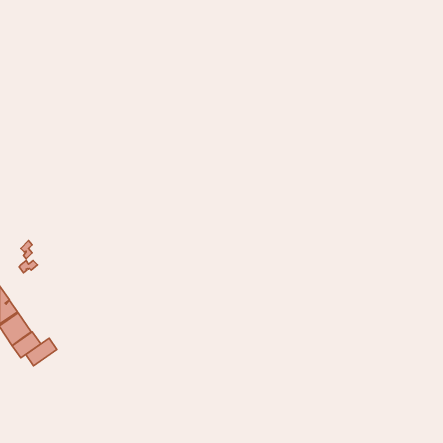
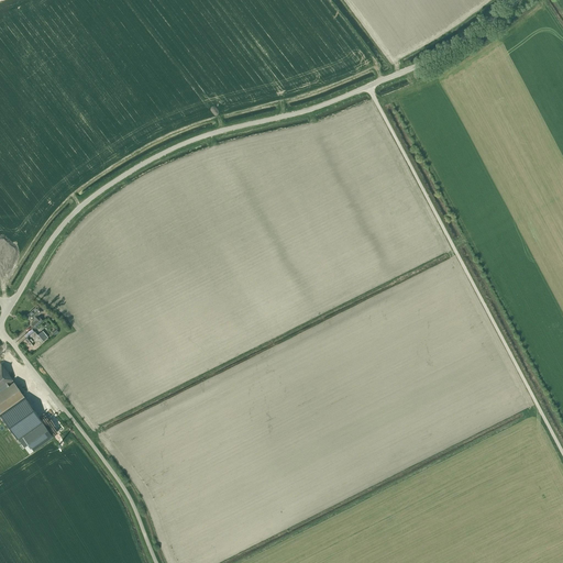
building: [26,338,57,366] -> none

